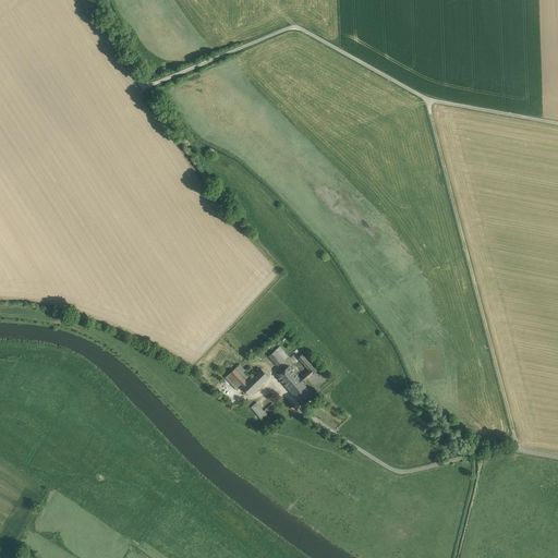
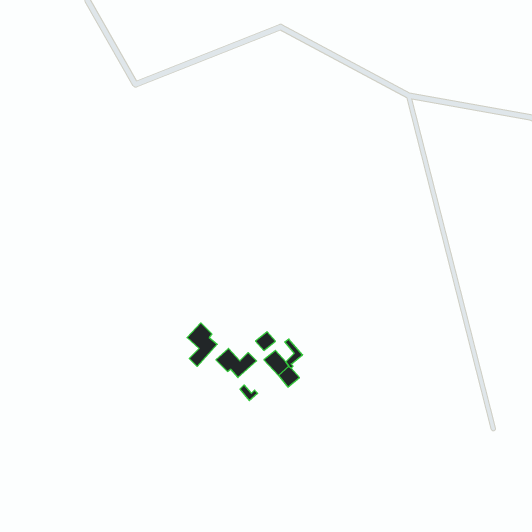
building: none -> [187,323,217,366]

